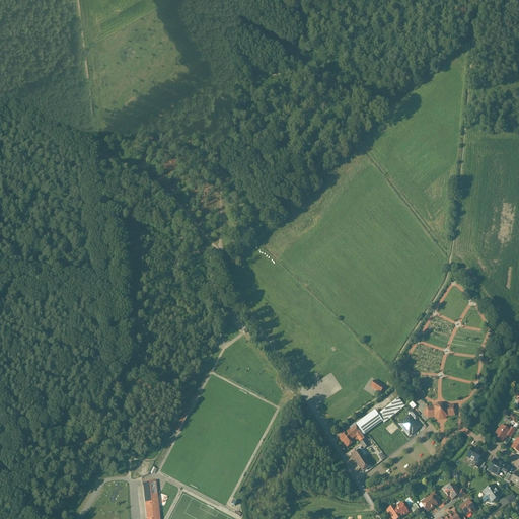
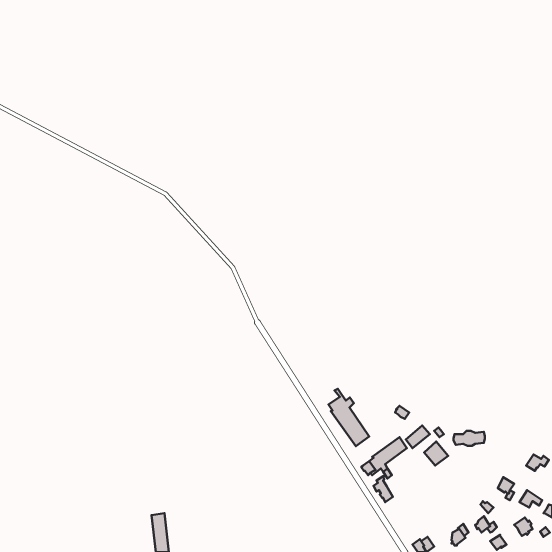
building: none -> [328,389,369,446]

